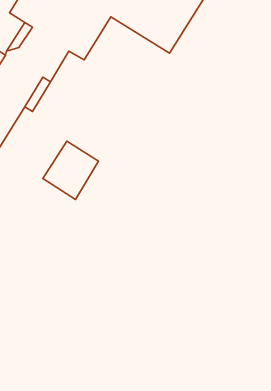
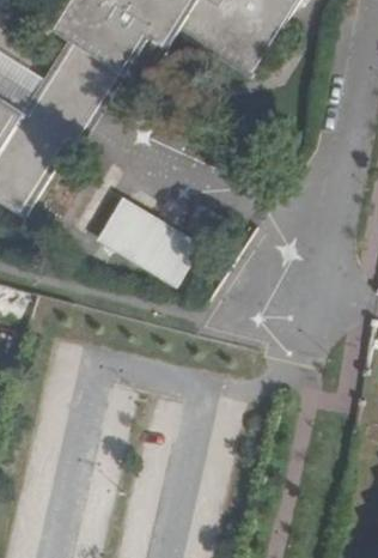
building: none -> [130,212,199,284]

